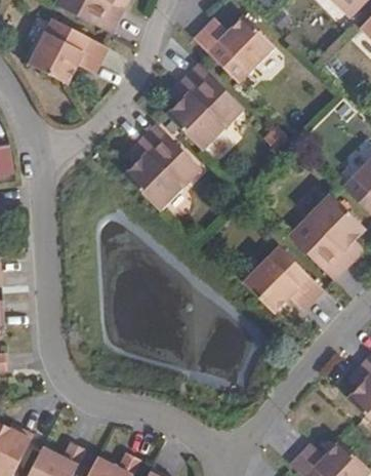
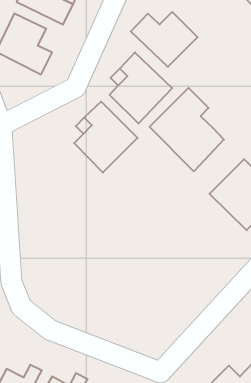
building: none -> [150,88,224,171]
building: [243,246,323,313] -> none

